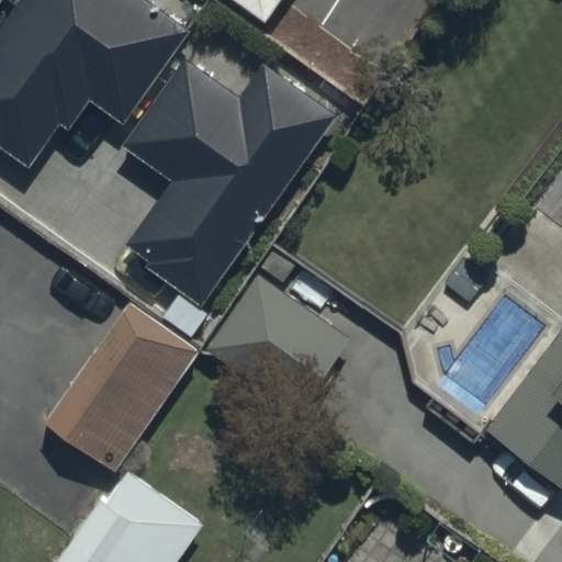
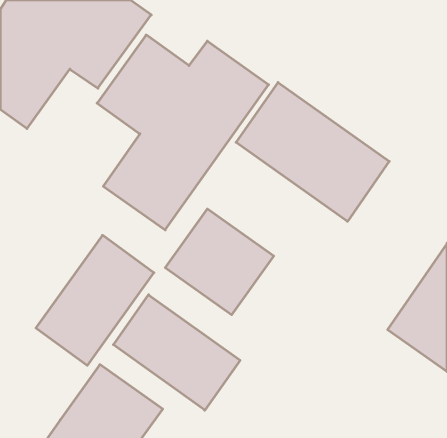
building: none -> [236,82,389,221]
building: none -> [113,295,240,410]

